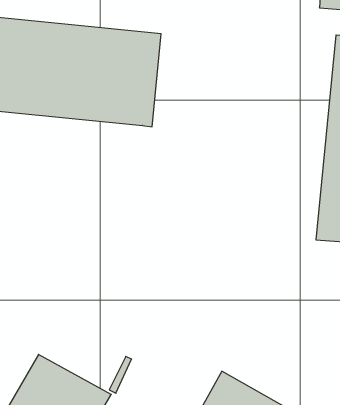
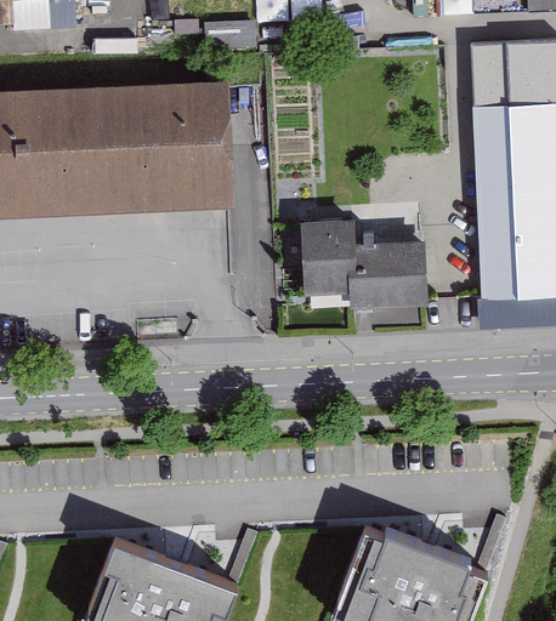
building: none -> [306,221,430,307]

